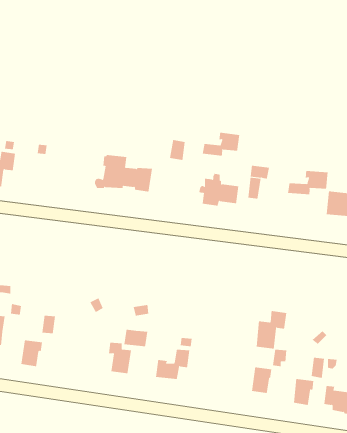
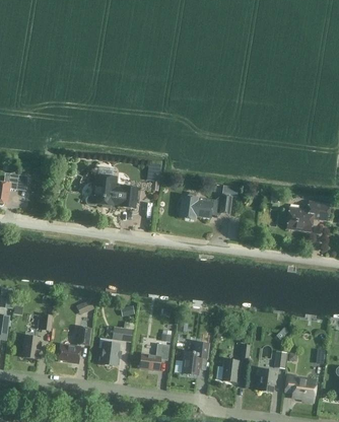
building: [202,132,240,157] -> none
building: [288,170,328,195] -> none
building: [256,310,287,349] -> [182,341,209,374]
building: none -> [58,326,90,361]

